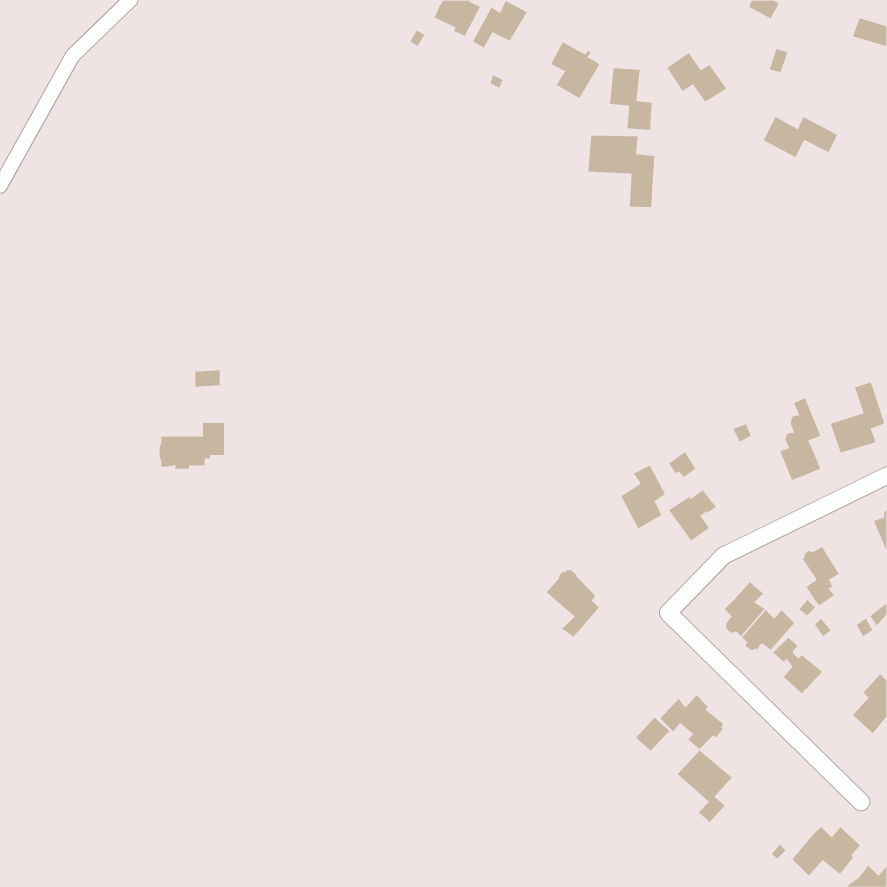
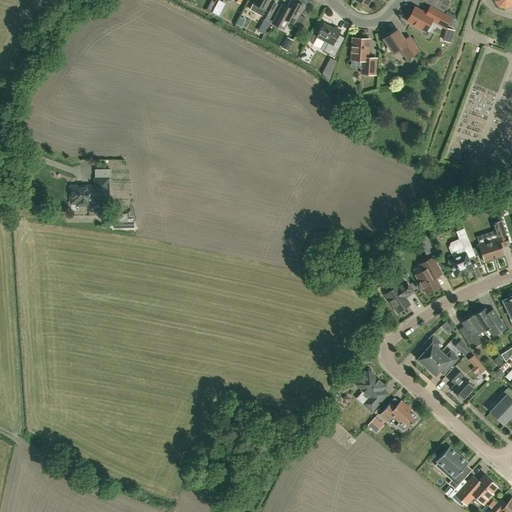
building: [763,116,839,158] -> [407,7,451,31]
building: [588,135,655,208] -> none
building: [159,422,225,469] -> [70,178,108,205]
building: [621,465,666,529] -> [416,257,442,294]
building: none -> [474,309,505,336]
building: [546,568,600,637] -> [356,371,387,411]
building: [677,750,733,823] -> [436,447,468,489]

